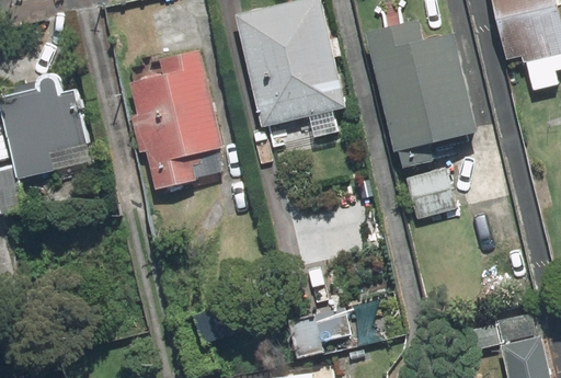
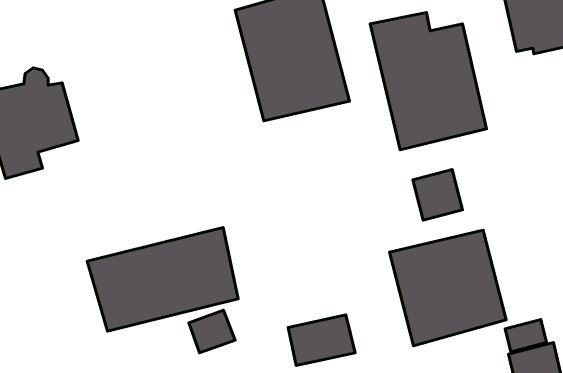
building: [131,50,225,191] -> none
building: none -> [87,227,238,331]
building: none -> [390,230,506,346]

